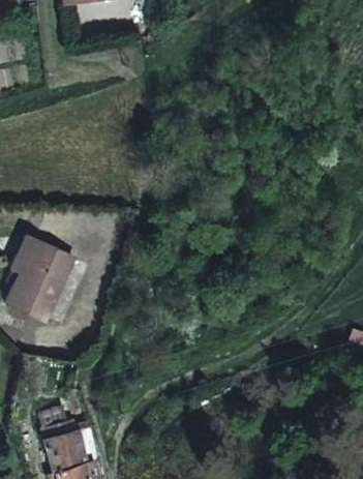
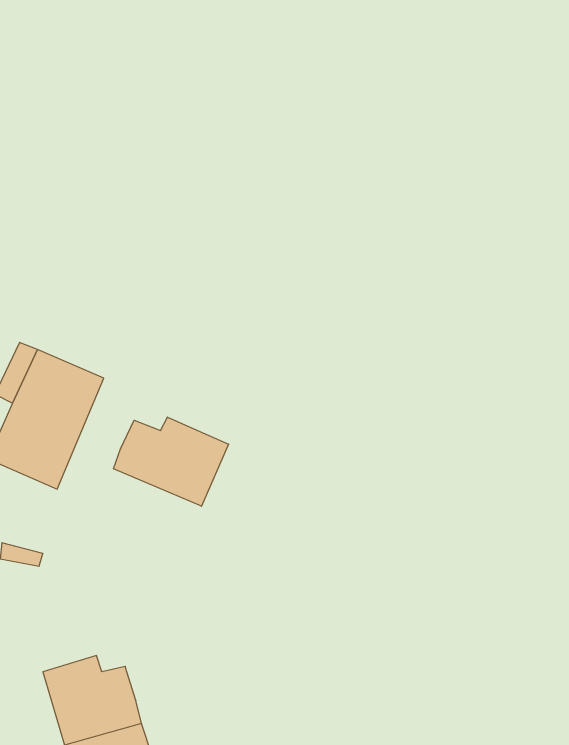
building: none -> [114,417,229,506]

